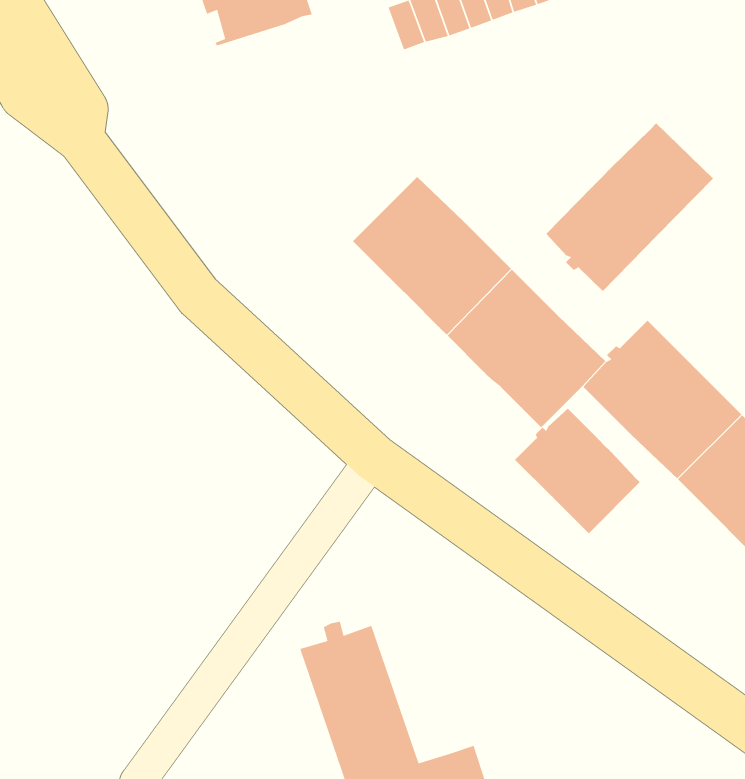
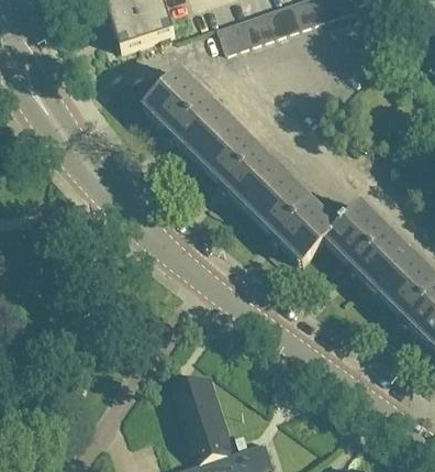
building: none -> [145,70,235,160]
building: [546,122,714,292] -> none
building: [514,408,641,534] -> none

